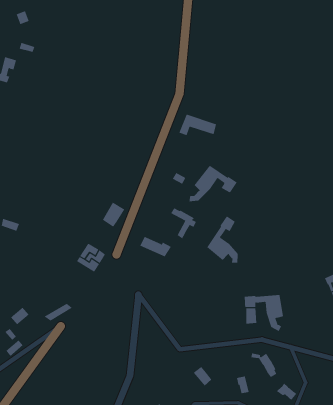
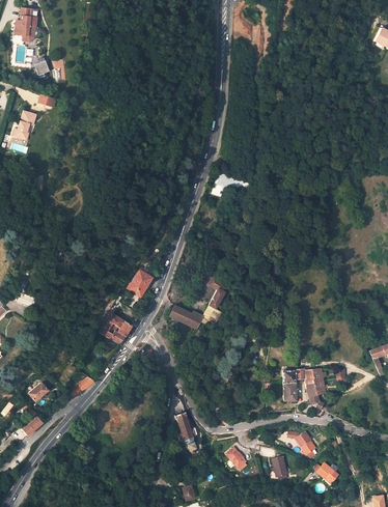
building: [189,165,237,202] -> none
building: [206,215,238,263] -> none
building: none -> [173,412,196,453]

